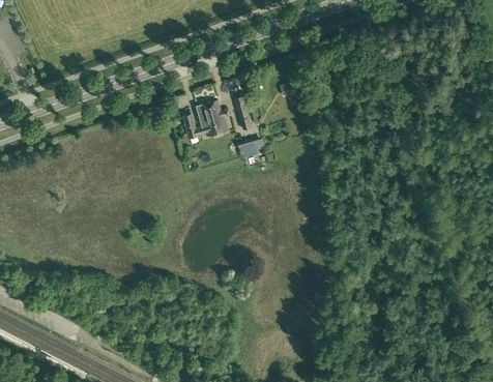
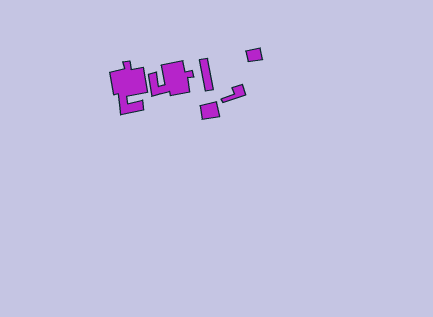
building: none -> [110,61,147,115]

